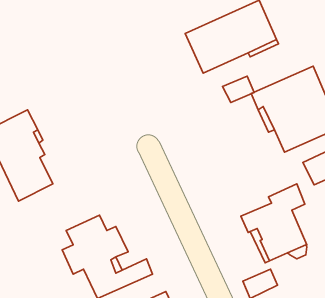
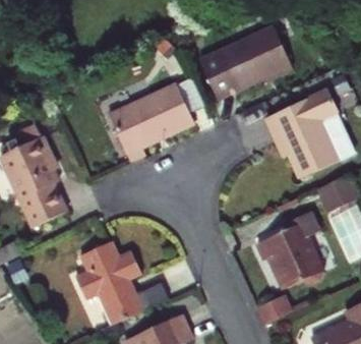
building: none -> [110,81,196,161]

